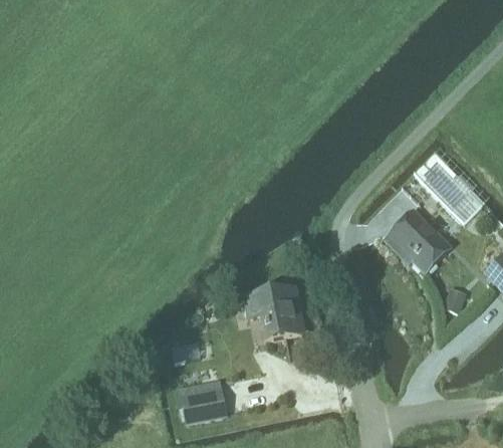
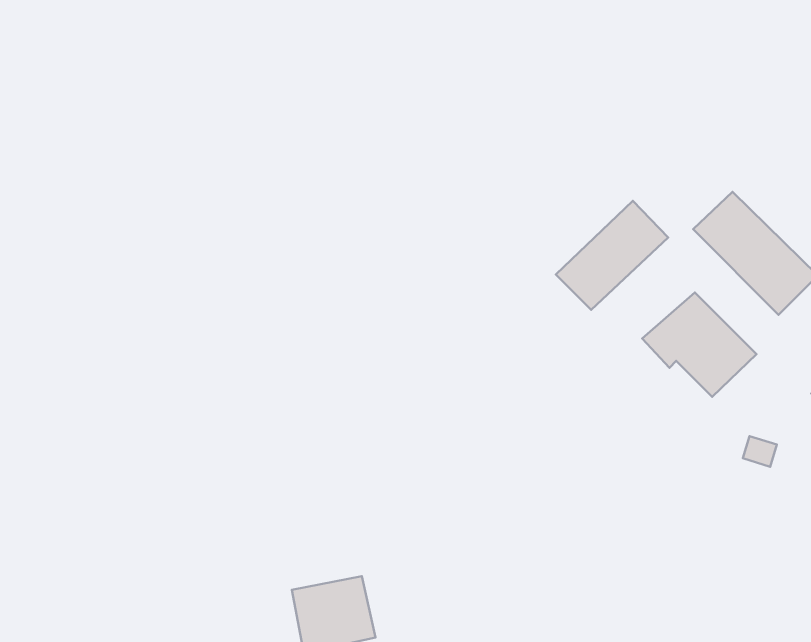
building: none -> [556,201,668,310]
building: [243,287,302,340] -> none

